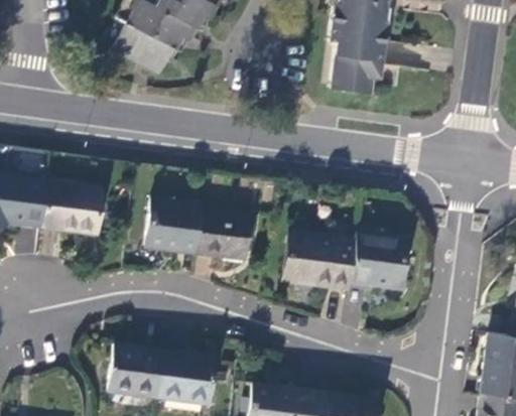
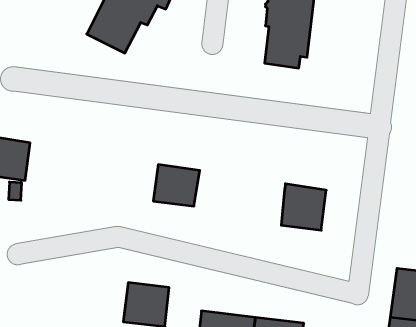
building: [40,183,102,236] -> none
building: [145,199,202,254] -> none
building: [284,232,355,290] -> none
building: [108,345,165,400] -> none

